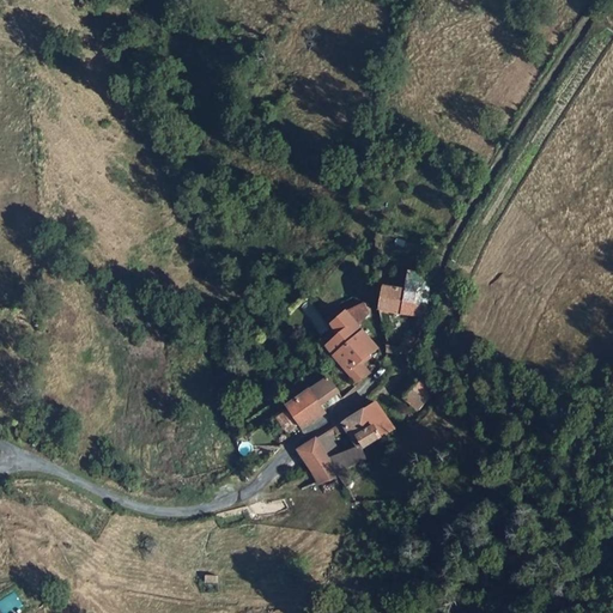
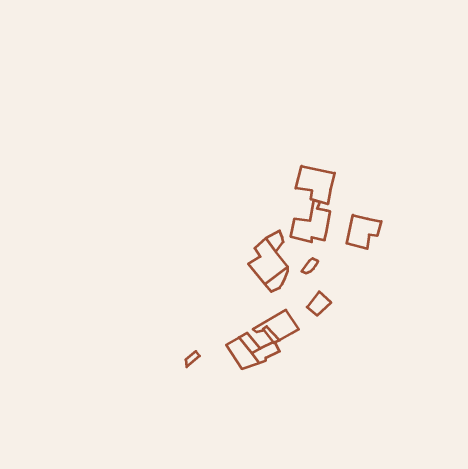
building: none -> [296,166,335,204]
building: none -> [347,215,381,249]
building: [284,381,339,429] -> none

